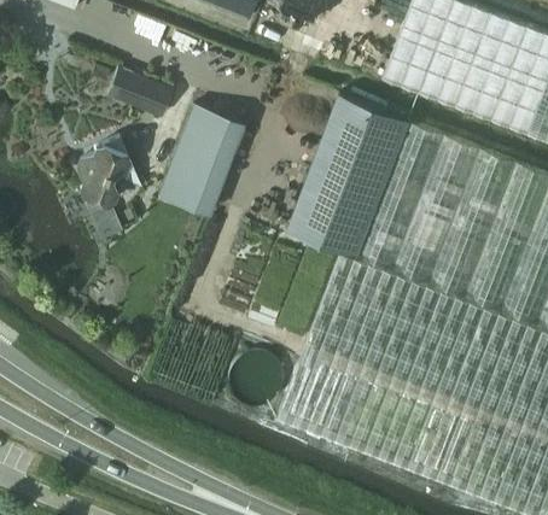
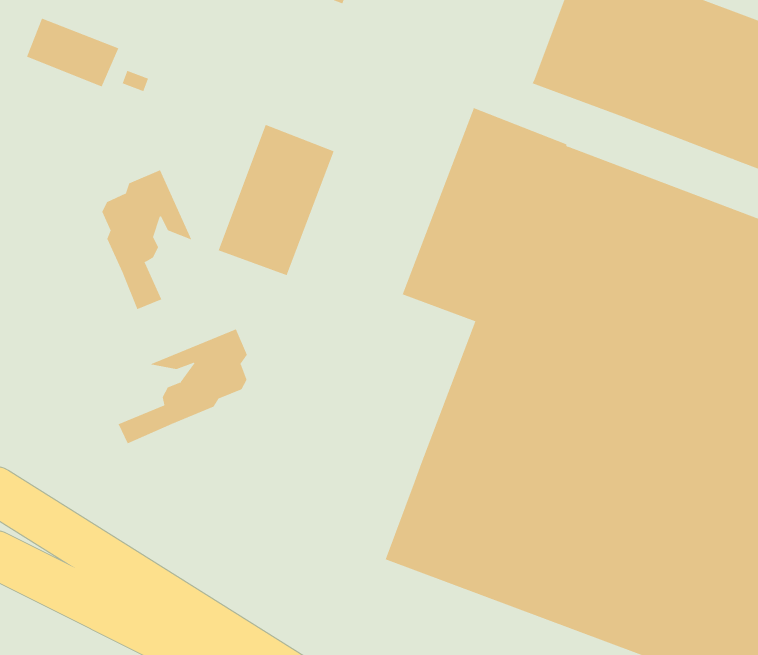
building: [106,70,173,119] -> [26,18,119,87]
building: none -> [118,328,248,444]

